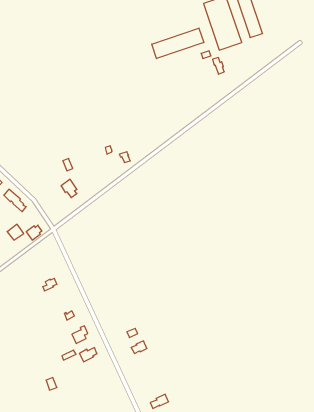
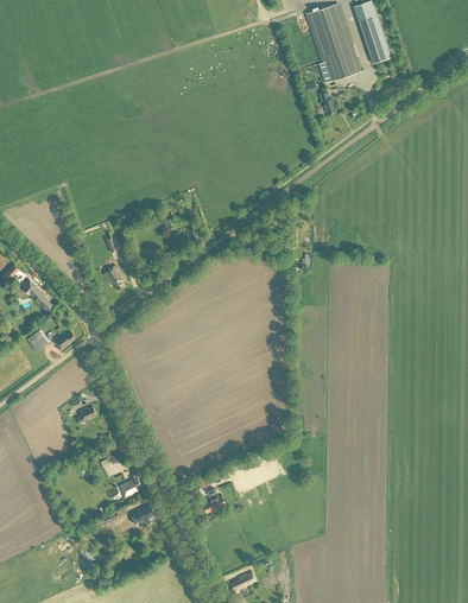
building: [152,28,204,59] -> none

